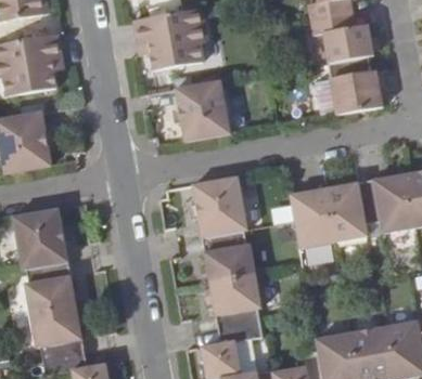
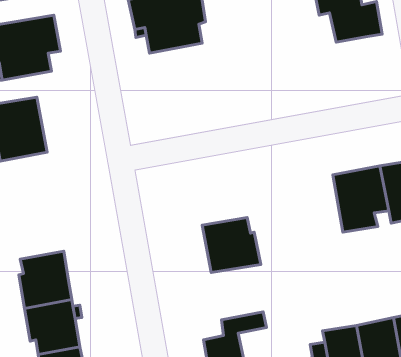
building: [320,54,384,114] -> none
building: [172,78,230,140] -> none
building: [191,174,247,236] -> none
building: [291,187,336,248] -> none
building: [11,207,67,269] -> none
building: [209,274,263,327] -> none

